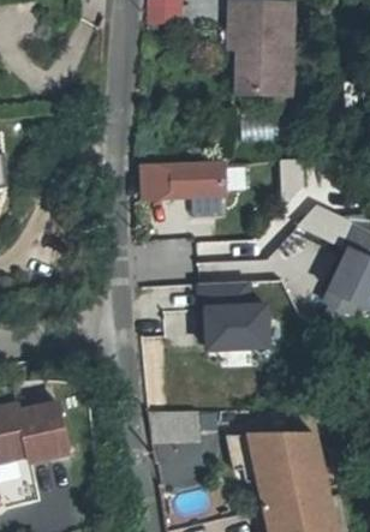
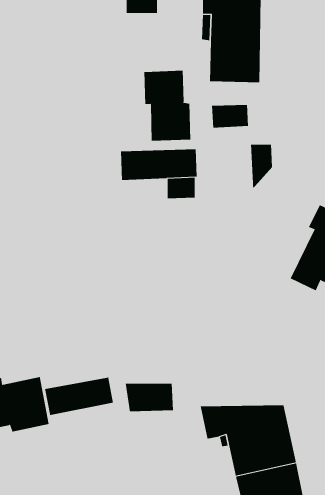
building: none -> [144,70,191,142]
building: [199,281,269,349] -> none
building: none -> [44,377,114,416]

